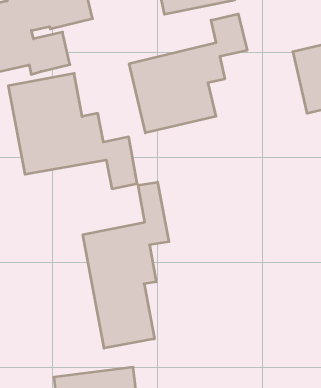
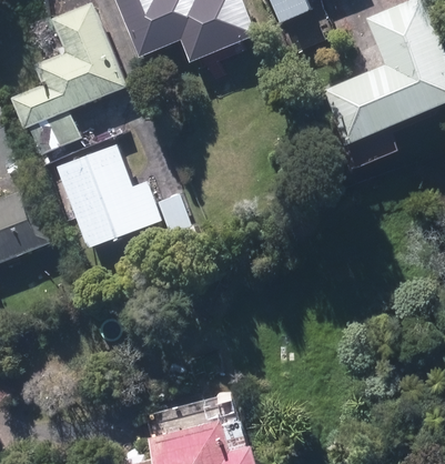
building: [129,14,247,133] -> none
building: [83,182,169,348] -> none

